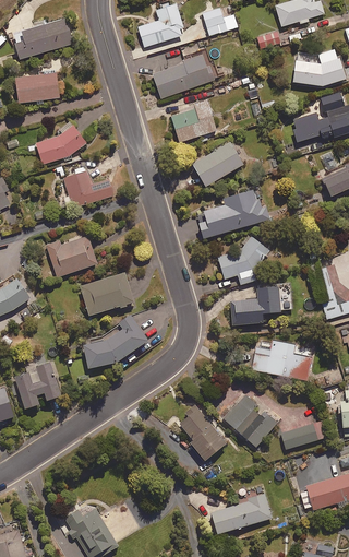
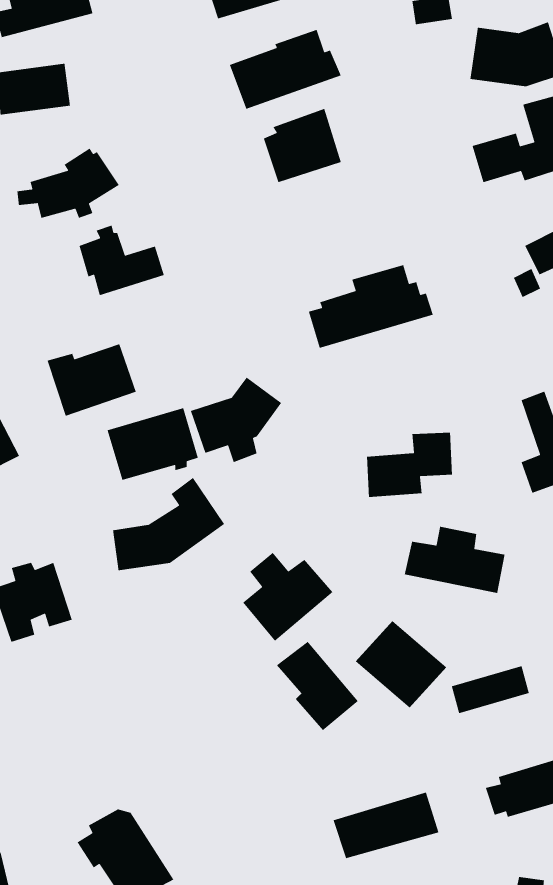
building: [192,141,243,186] -> none
building: [216,235,269,285] -> [190,377,282,463]
building: none -> [242,552,334,642]

